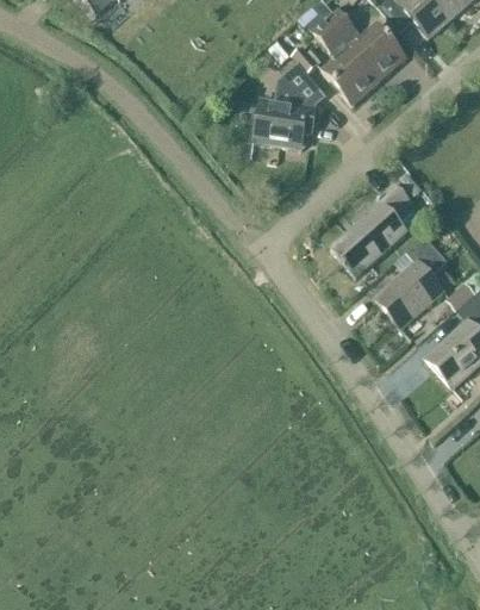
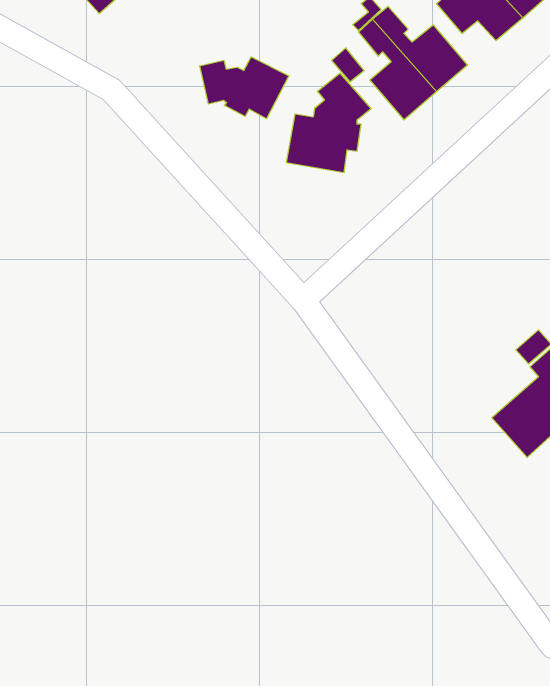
building: none -> [200,57,289,119]
building: [330,182,413,276] -> none
building: [375,235,448,326] -> none

